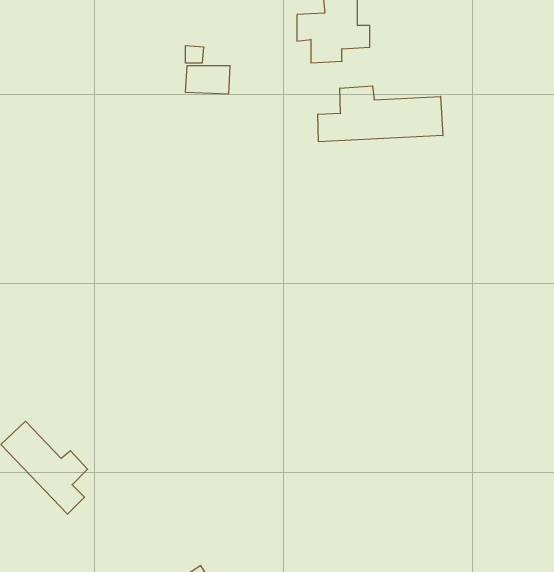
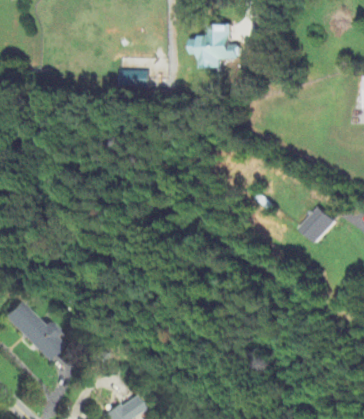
building: [318,86,443,142] -> none
building: none -> [301,204,337,241]

